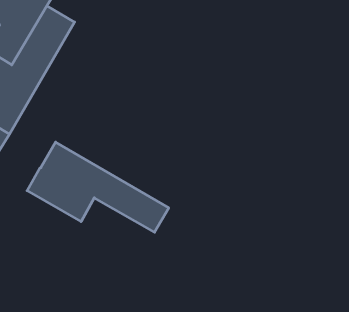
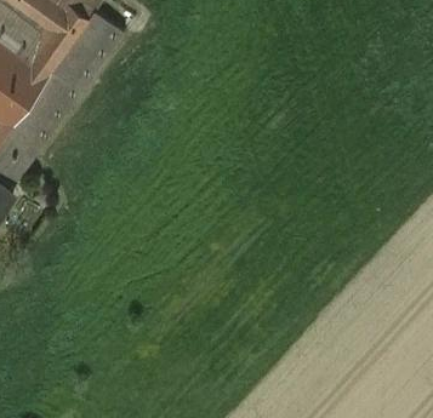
building: [27,142,169,232] -> none

